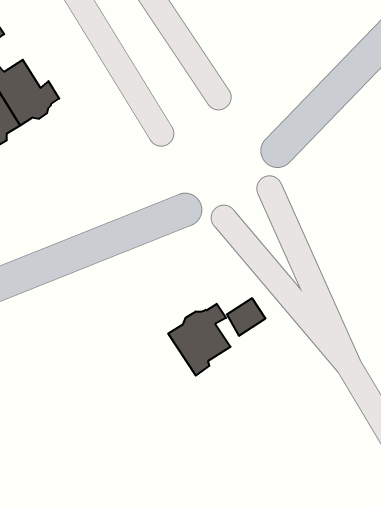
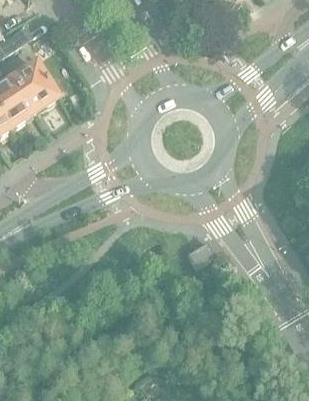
building: [168,304,231,376] -> none

